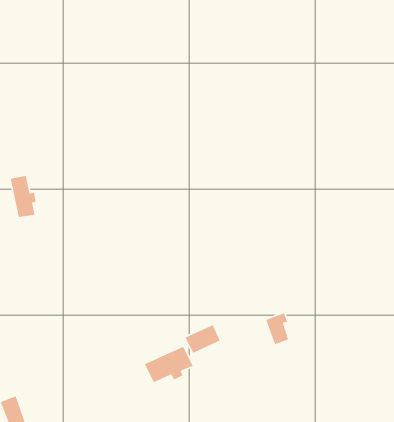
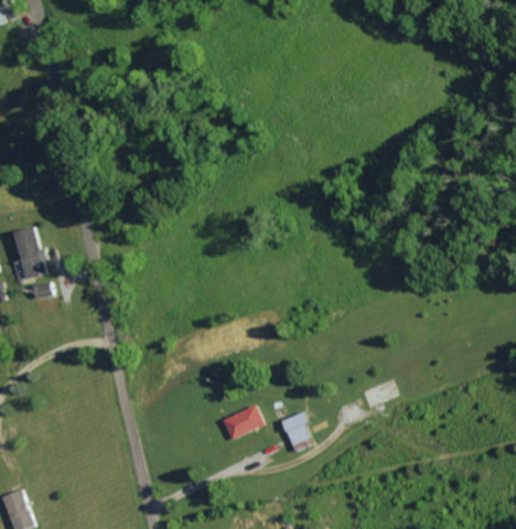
building: [265,312,289,345] -> [282,411,311,451]
building: [144,346,194,383] -> none

